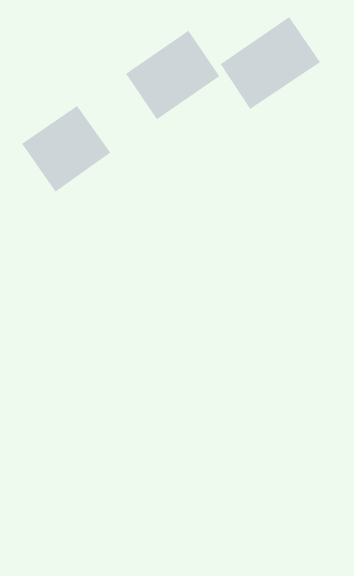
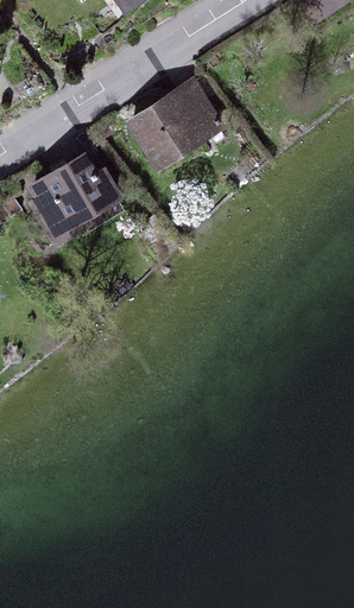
building: [220,16,321,110] -> none

